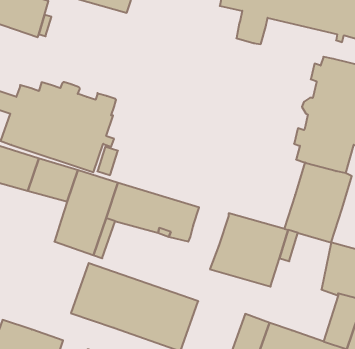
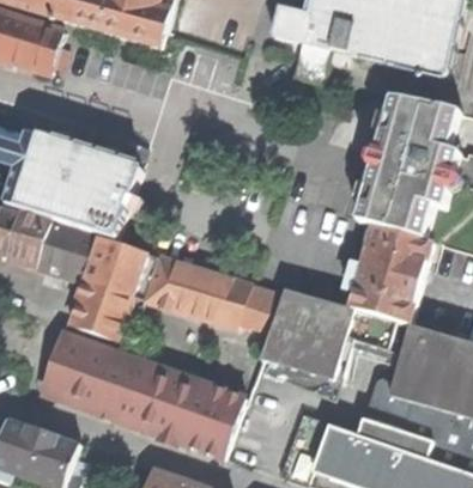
building: none -> [234,281,280,328]
building: none -> [43,334,109,410]
building: none -> [358,377,414,445]

